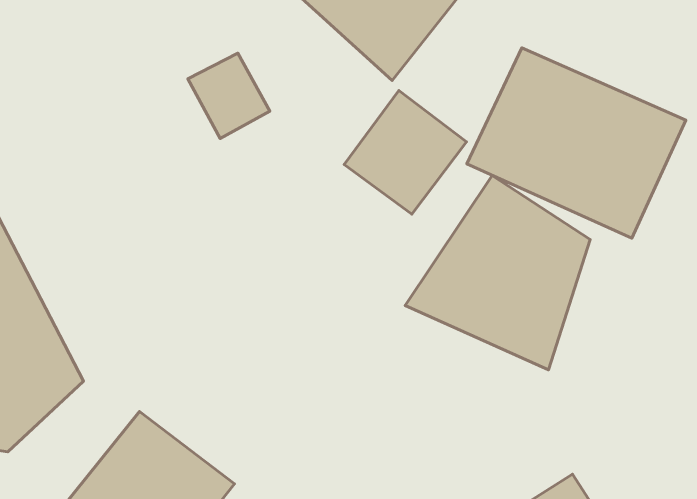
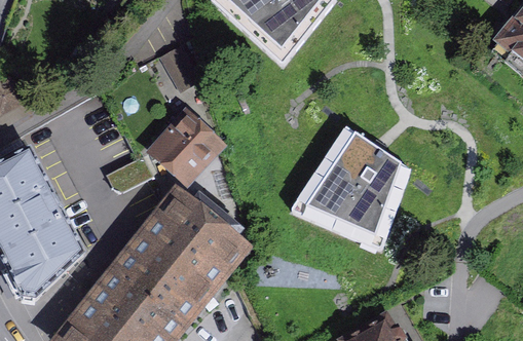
building: [467,48,686,238] -> none
building: [344,91,467,214] -> [153,113,231,192]
building: none -> [118,198,238,319]

